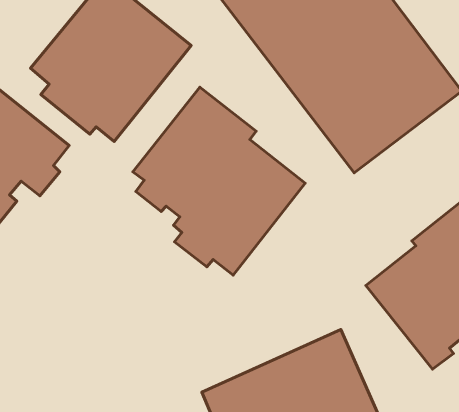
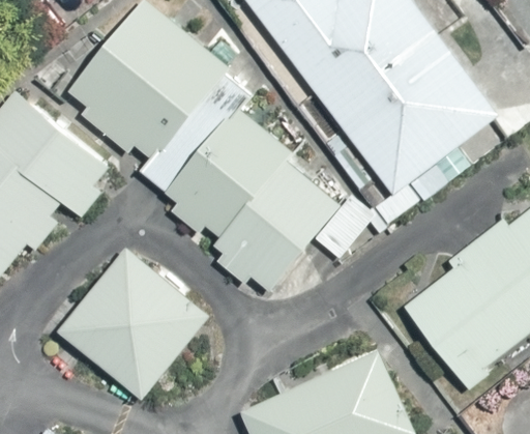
building: none -> [57,245,210,399]

